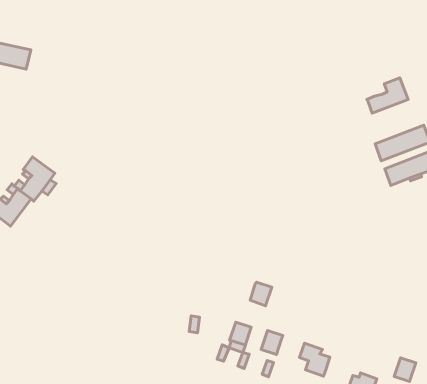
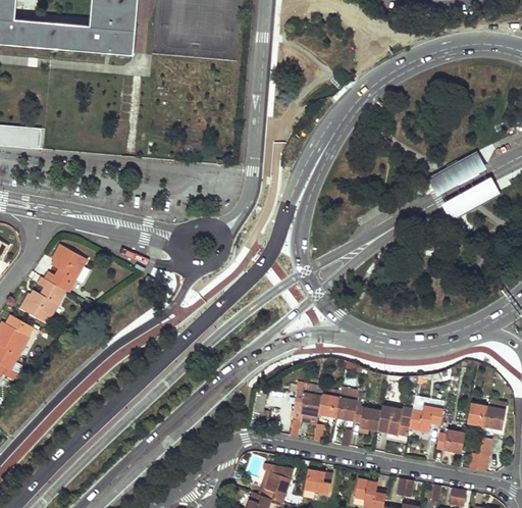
building: [367,78,408,113] -> none
building: [250,282,272,306] -> [318,393,340,417]
building: none -> [353,404,380,430]
building: none -> [409,404,442,433]
building: none -> [466,402,487,426]

